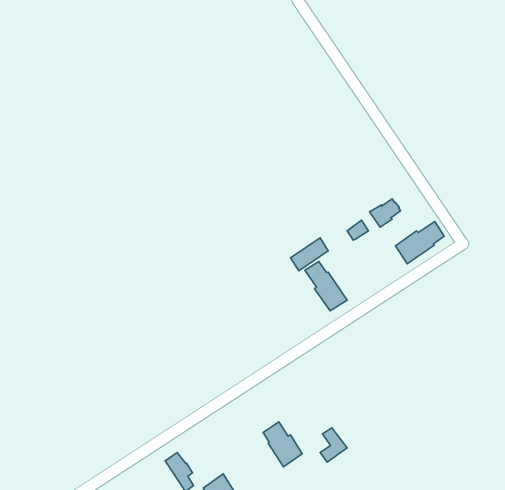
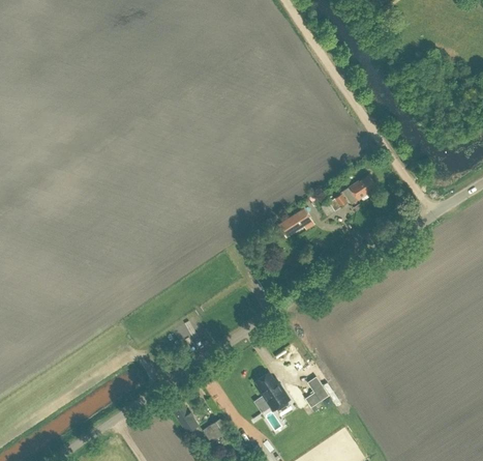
building: [395,221,444,264] -> none
building: [305,261,347,311] -> none

